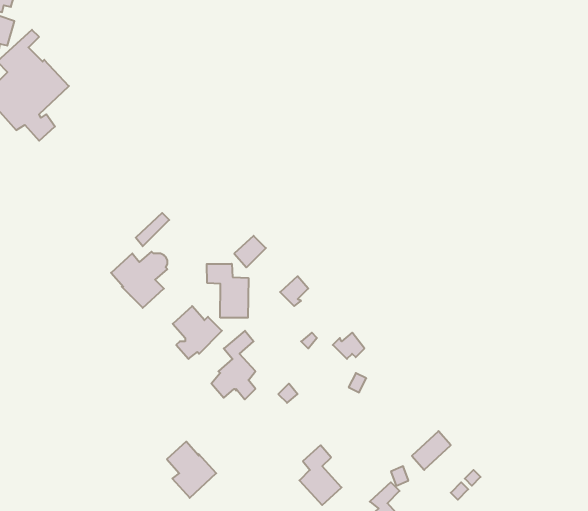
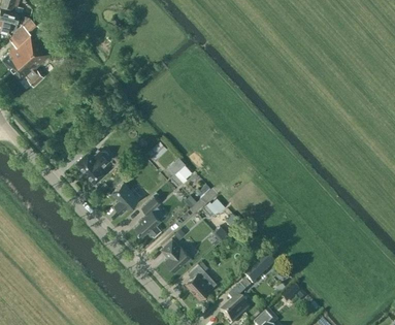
building: [207,264,248,318] -> none
building: [167,442,216,498] -> [161,238,190,271]

